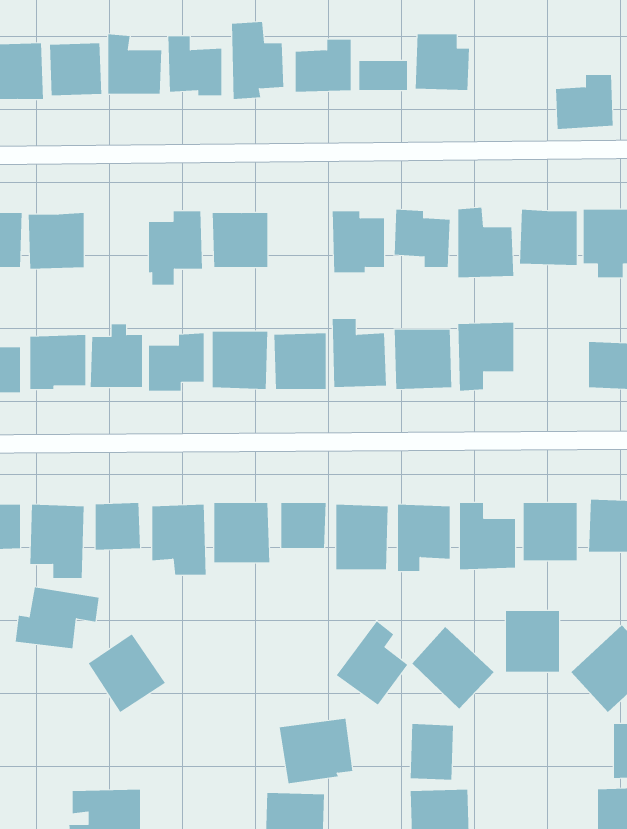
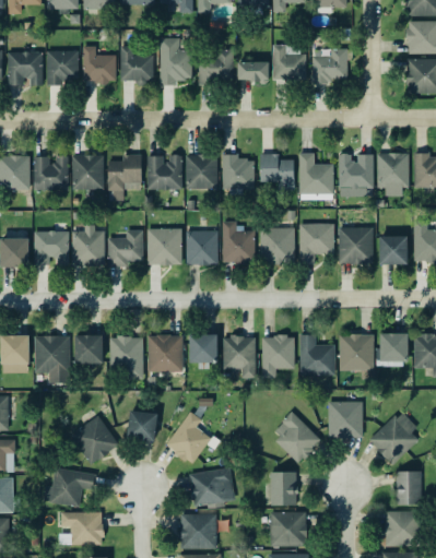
building: [555,75,614,129] -> [311,48,347,82]
building: none -> [185,154,217,189]
building: none -> [71,155,103,189]
building: none -> [338,226,373,263]
building: [15,587,100,649] -> [43,467,95,506]
building: [336,620,408,705] -> [165,411,210,463]
building: none -> [127,409,157,441]

